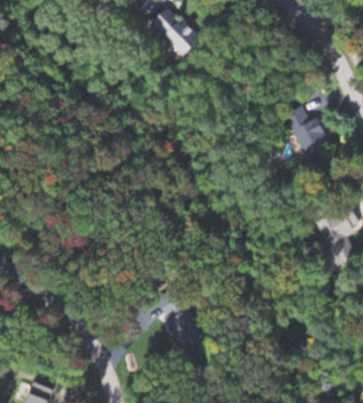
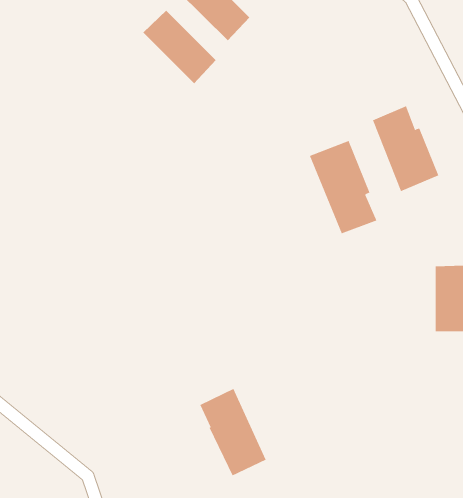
building: none -> [142,10,217,84]
building: none -> [309,140,377,234]

